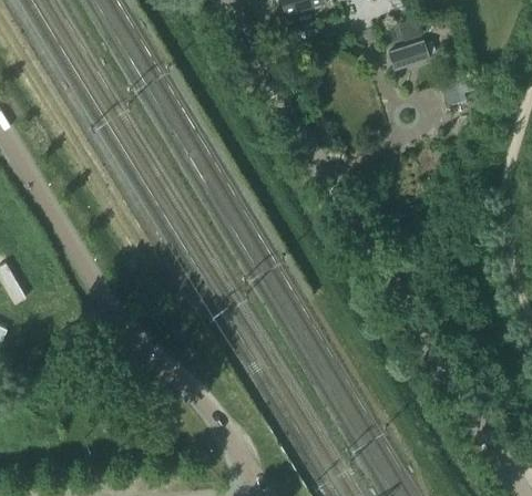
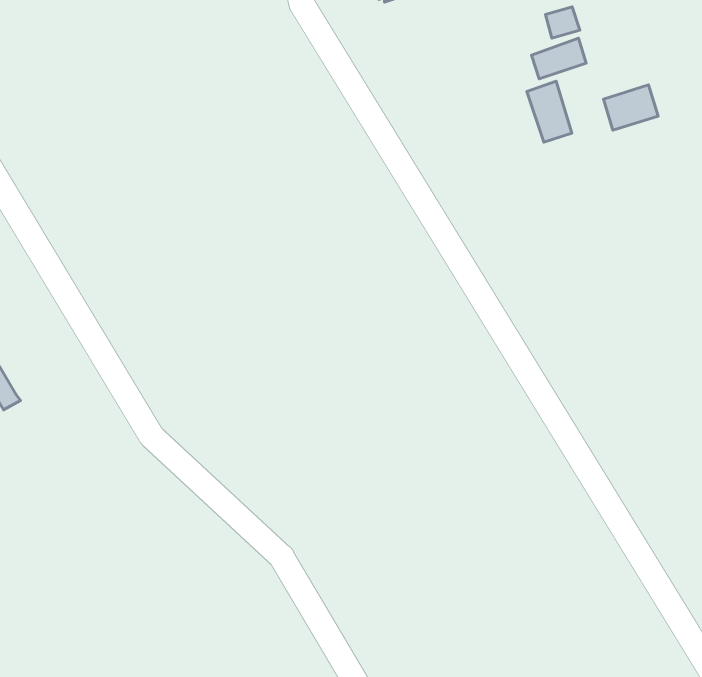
building: none -> [527,81,572,142]

